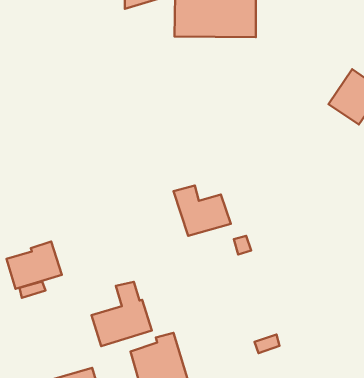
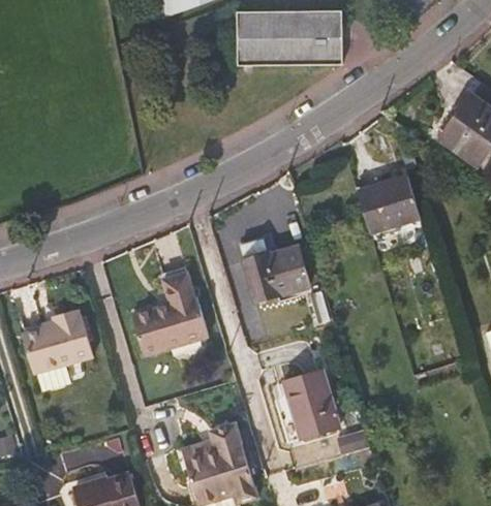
building: none -> [357,177,421,232]
building: [92,282,152,346] -> [132,275,209,356]
building: none -> [283,374,337,440]

